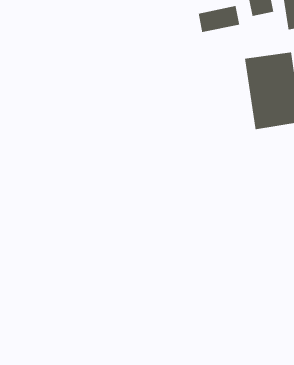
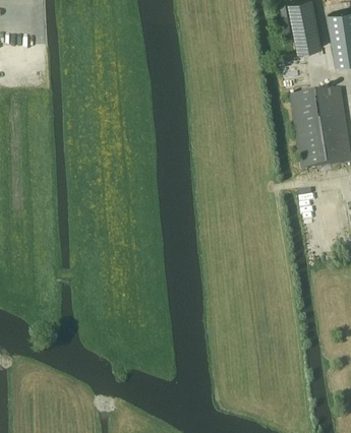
building: [198,5,240,33] -> none

